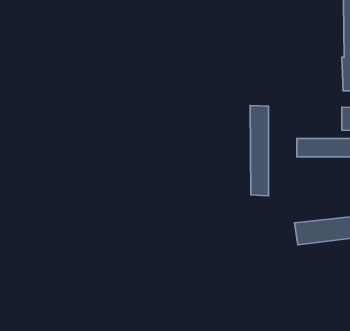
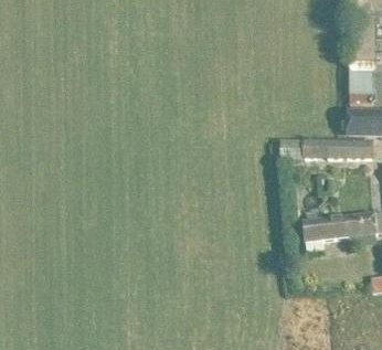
building: [250,106,269,196] -> none

